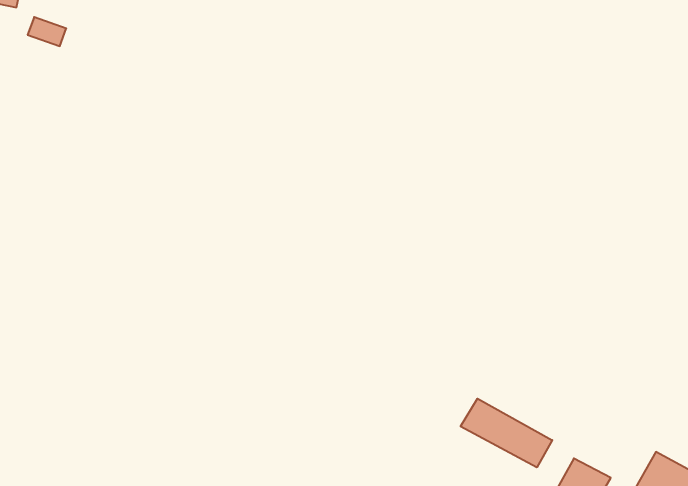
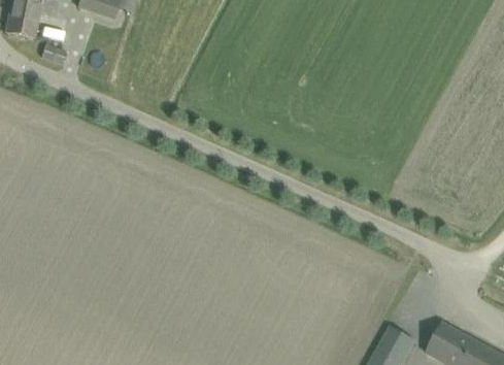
building: [461,399,552,467] -> none

